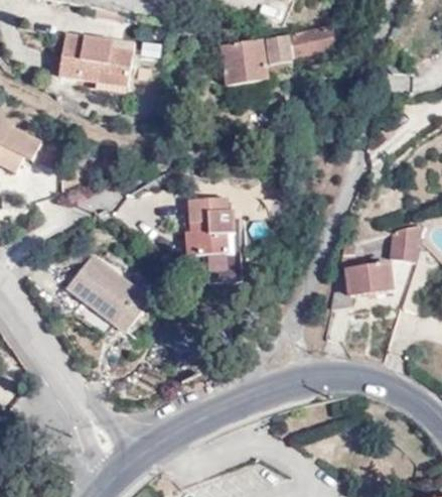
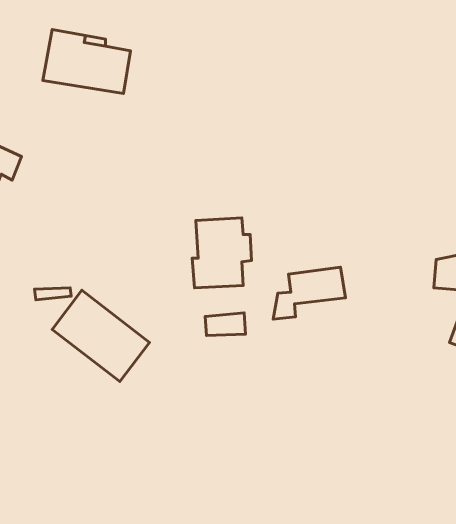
building: [261,24,331,70] -> none
building: [218,39,264,88] -> none
building: [332,260,394,304] -> [273,267,345,319]

